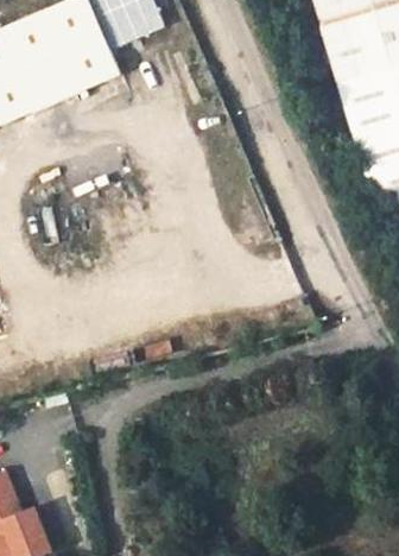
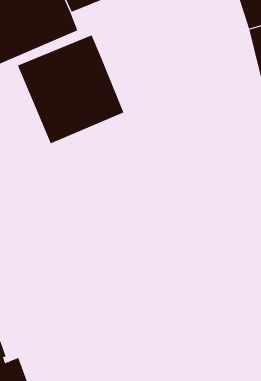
building: none -> [17,35,124,144]

